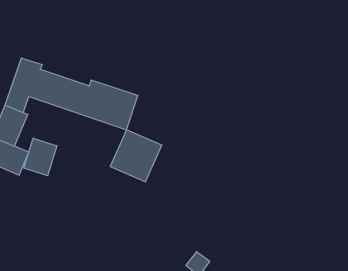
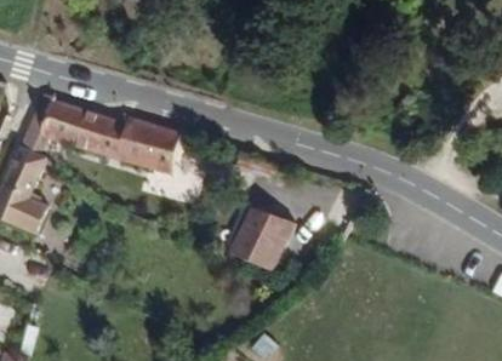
building: [110,130,162,182] -> [228,210,293,275]
building: [24,138,57,176] -> none

